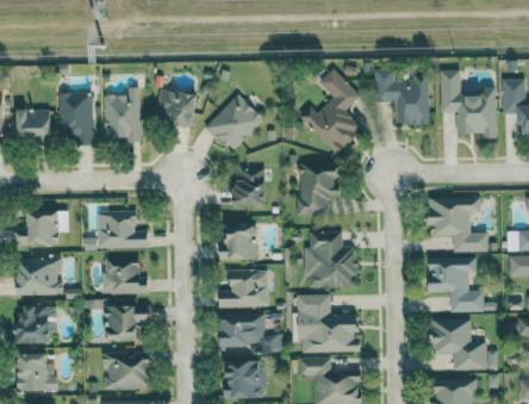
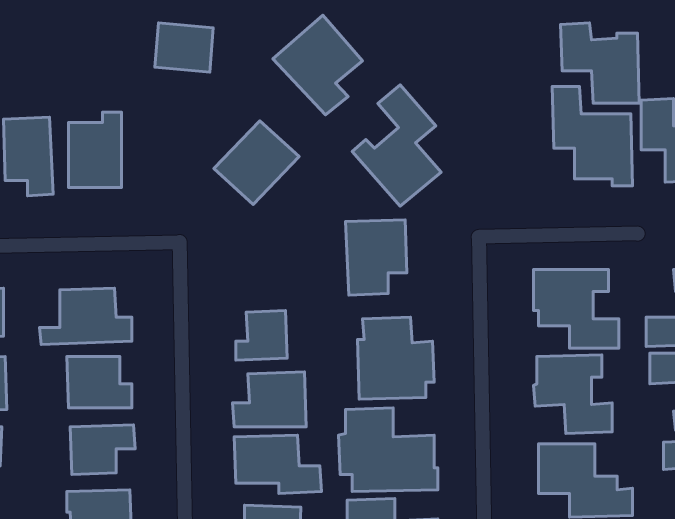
building: none -> [273,15,363,115]
building: [374,69,429,125] -> [561,23,639,103]
building: [156,91,197,125] -> [155,23,213,72]
building: [234,170,266,206] -> none

